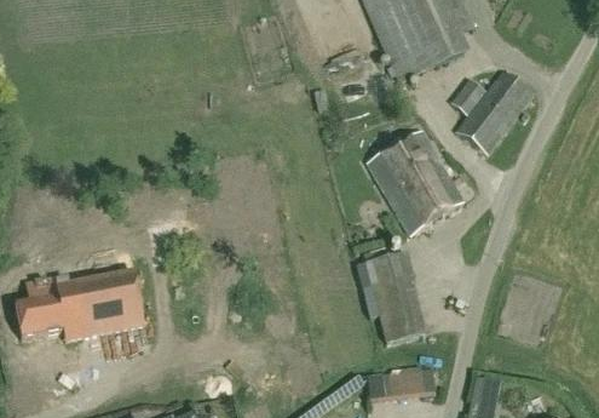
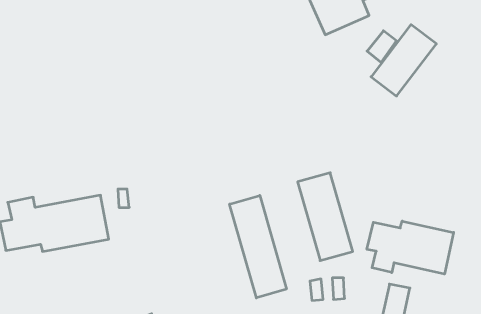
building: [367,130,463,233] -> none
building: none -> [230,195,286,298]
building: none -> [367,221,454,274]

